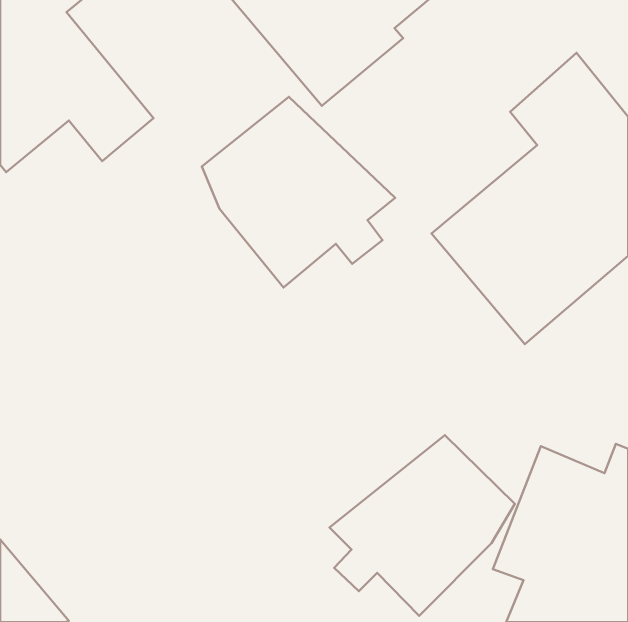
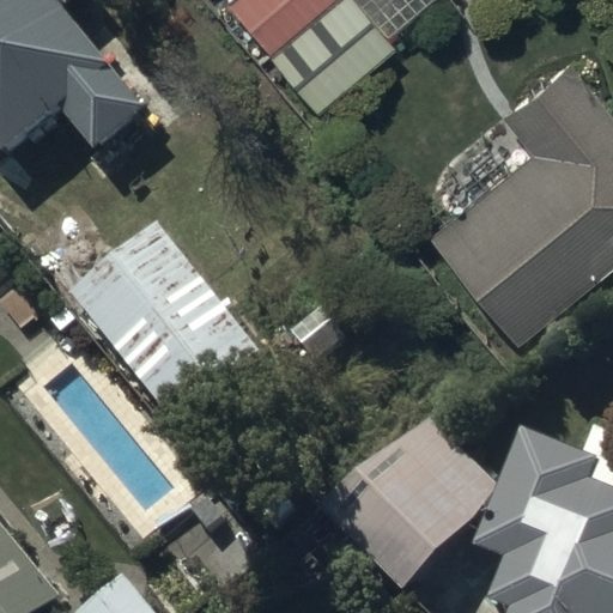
building: [202,97,395,287] -> none
building: none -> [75,230,266,427]

